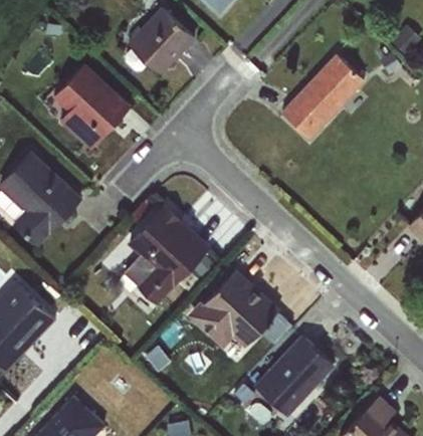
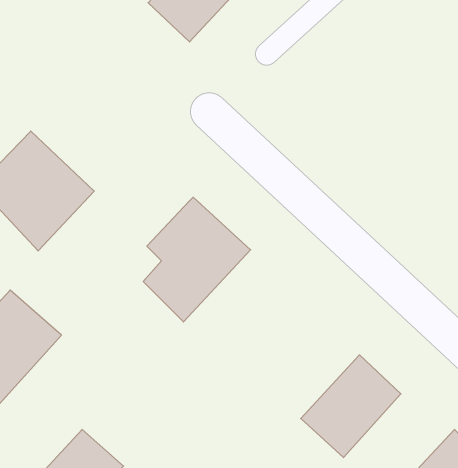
building: [279,53,365,141] -> none
building: [51,62,131,151] -> none
building: [186,268,280,350] -> none

